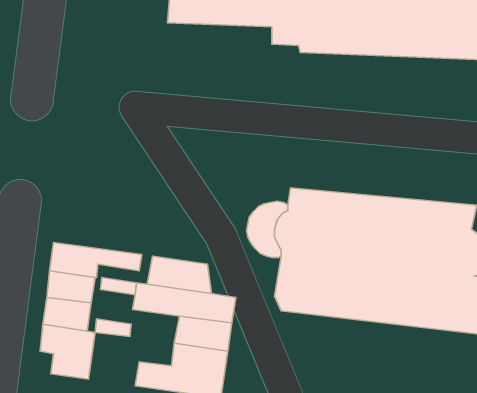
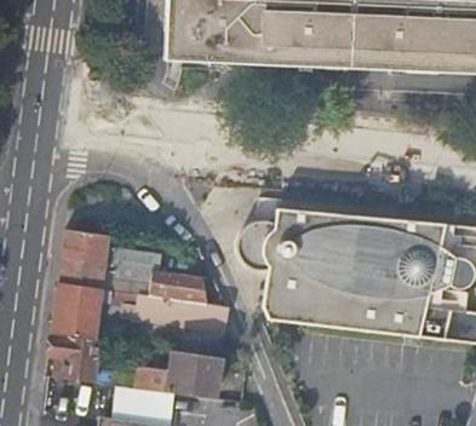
building: none -> [62,226,162,269]

